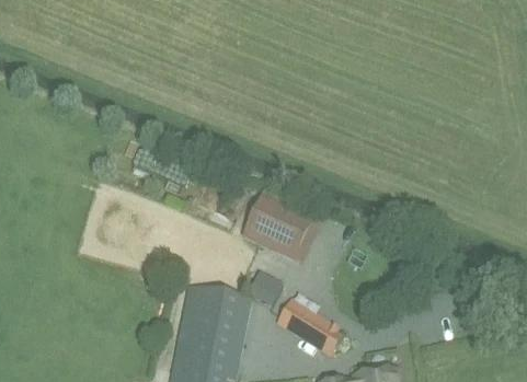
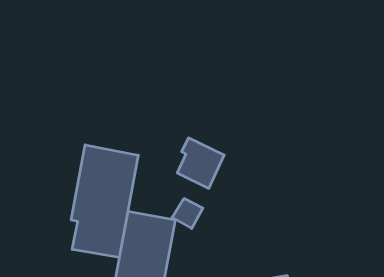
building: none -> [71,145,138,257]
building: [277,300,341,350] -> none

